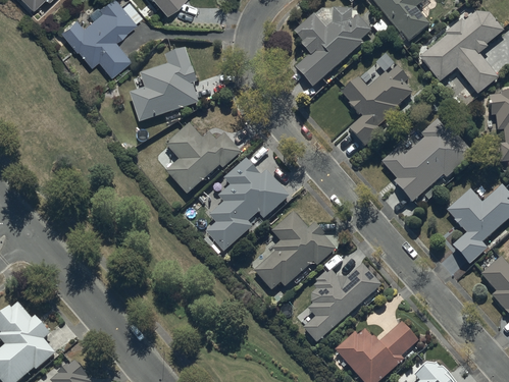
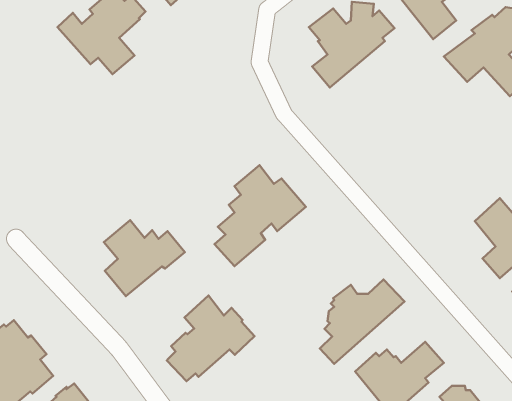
building: [130,48,199,122] -> none
building: [340,65,412,147] -> none
building: [381,119,474,202] -> none
building: [165,123,241,194] -> [104,220,185,296]
building: [254,211,336,290] -> [167,296,255,381]

